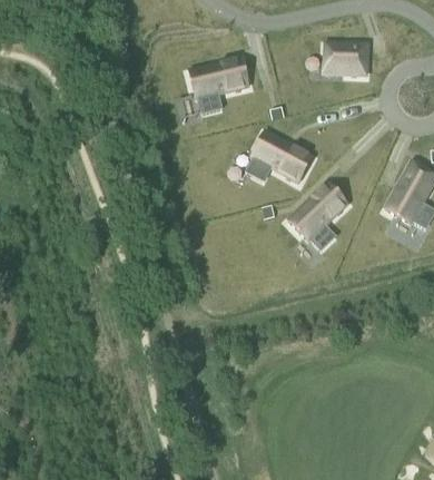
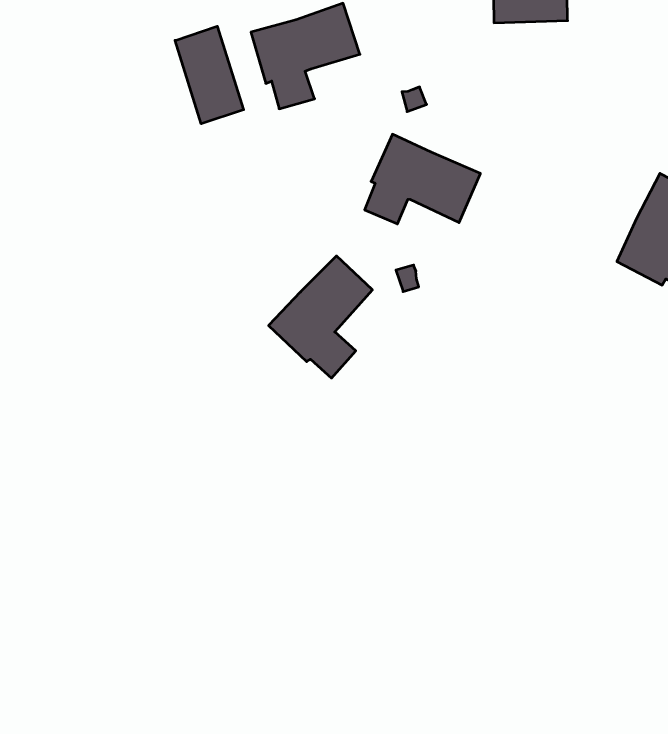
building: none -> [175,26,244,124]
building: [288,182,347,249] -> [269,256,372,378]

